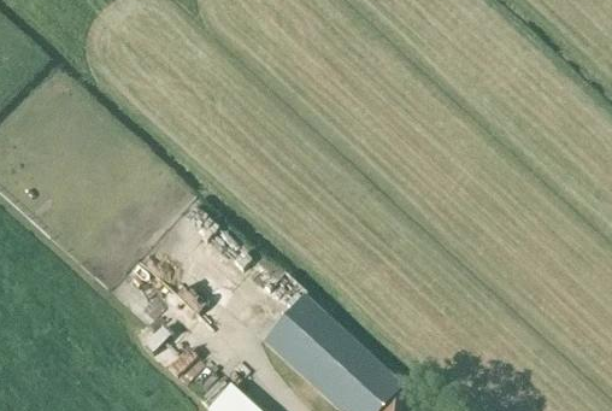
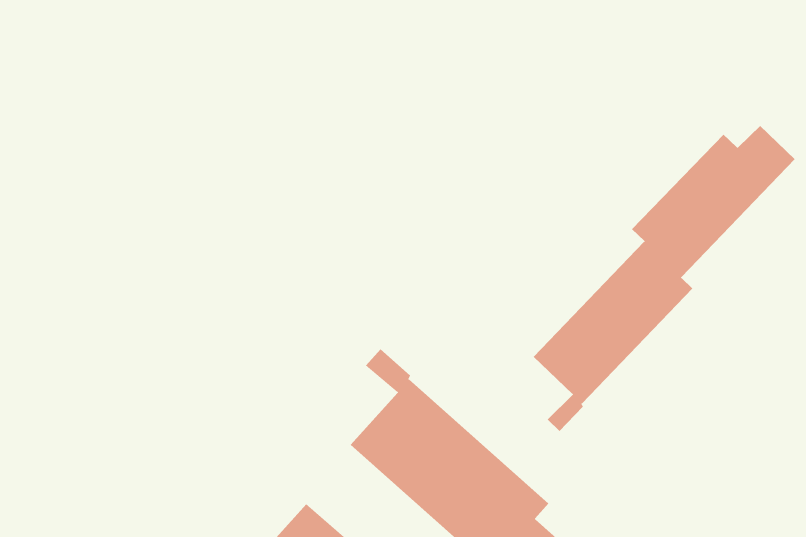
building: none -> [533,125,795,432]

